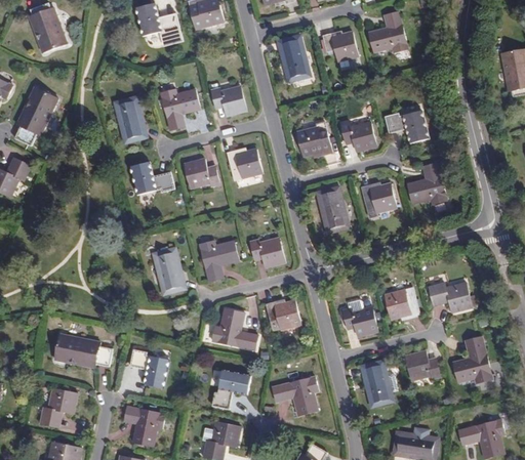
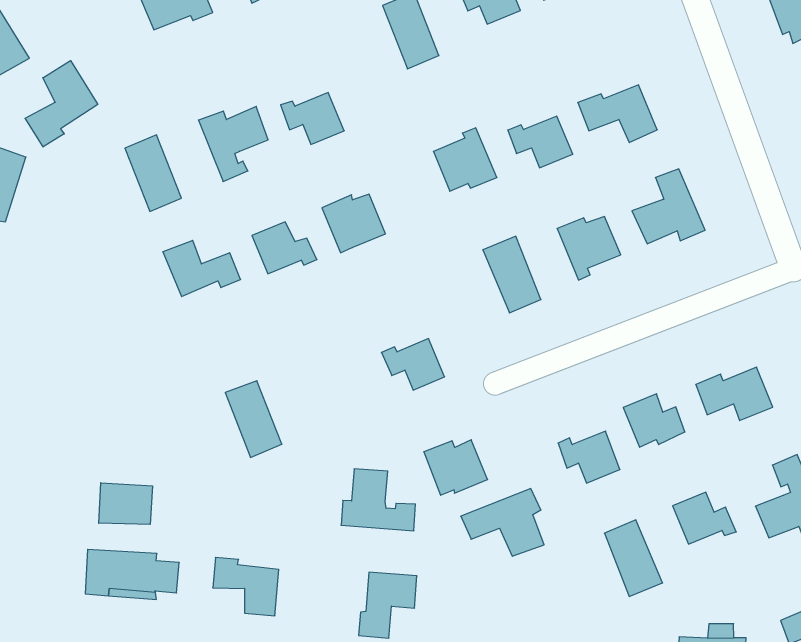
building: none -> [25,61,98,147]
building: [199,241,238,282] -> none
building: none -> [99,483,152,524]
building: [271,379,318,417] -> [461,489,544,556]

